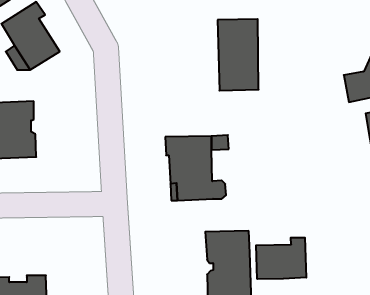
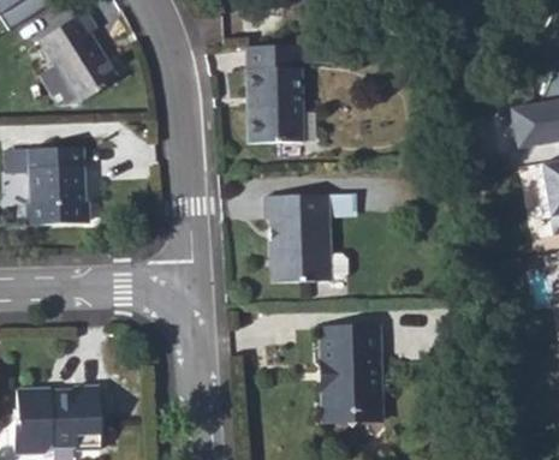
building: [218,19,259,91] -> [245,43,302,142]
building: [256,238,306,279] -> none

